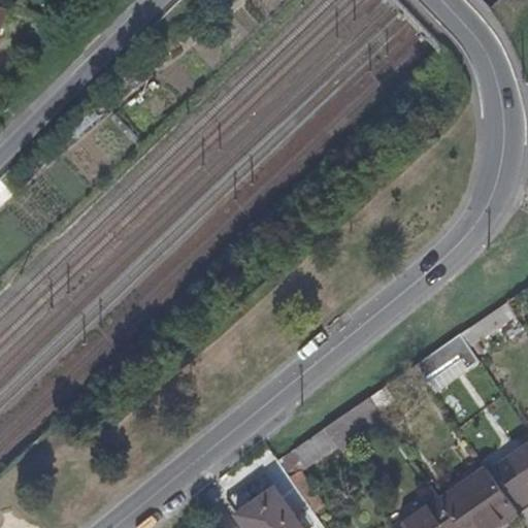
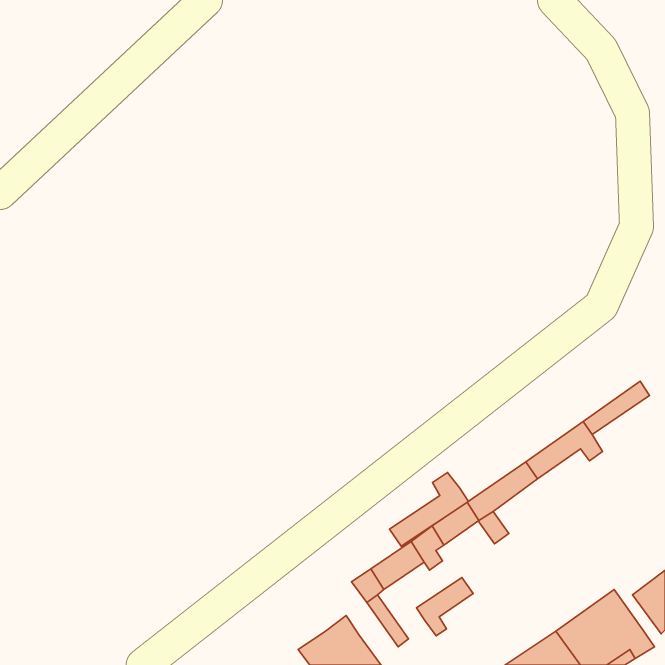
building: none -> [390,472,469,546]
building: none -> [416,577,473,636]

